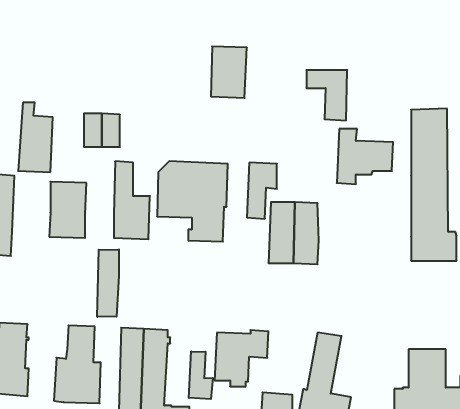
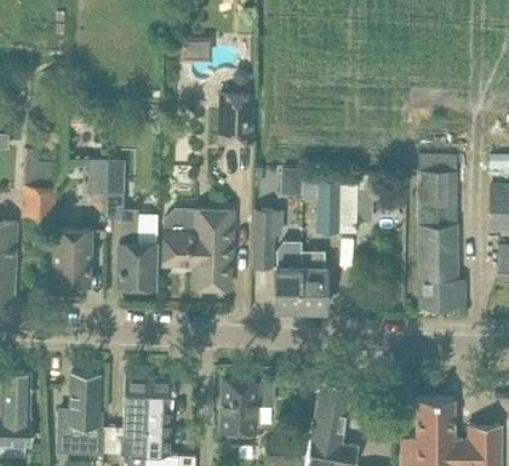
building: [306,70,347,120] -> [298,180,339,231]
building: [97,249,119,317] -> none
building: [189,351,213,399] -> none

